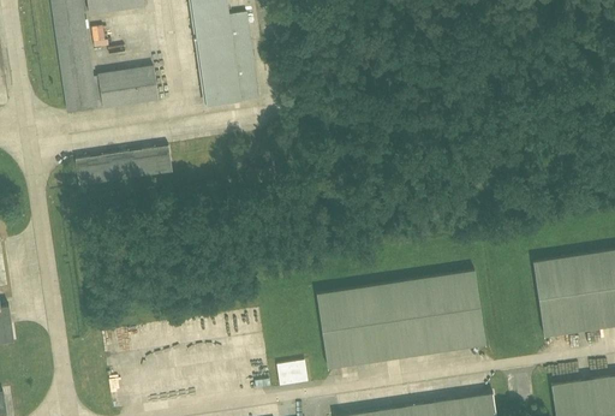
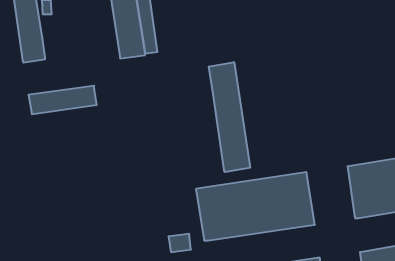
building: [97,65,159,107] -> none
building: none -> [209,62,250,172]

